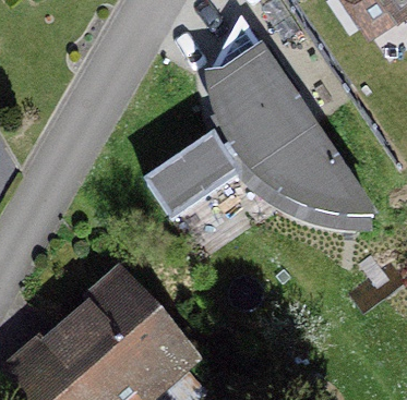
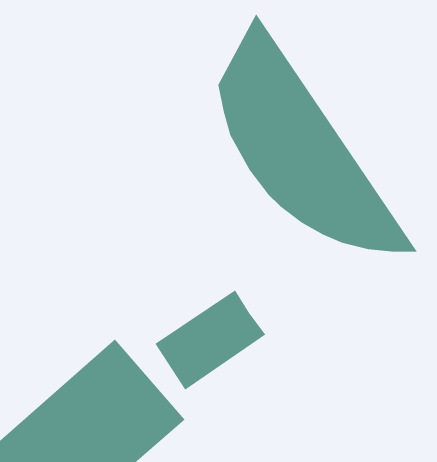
building: [149,132,241,215] -> [154,289,266,390]

